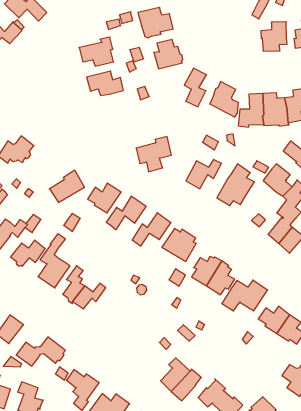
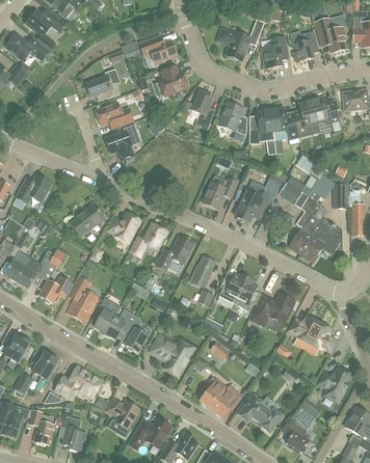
building: none -> [216,27,249,59]
building: [136,137,171,172] -> [105,122,140,159]
building: none -> [125,315,149,351]
building: none -> [150,334,195,375]

